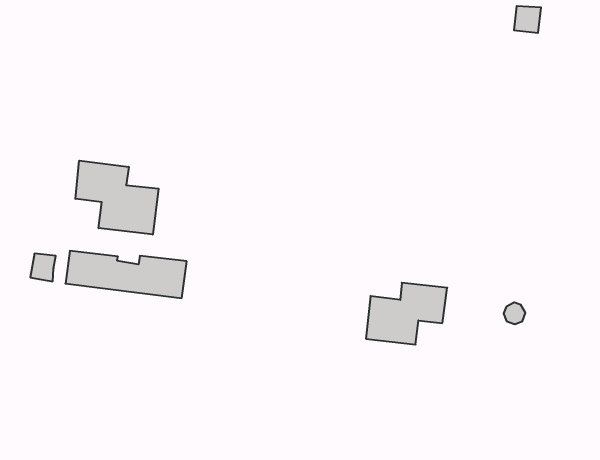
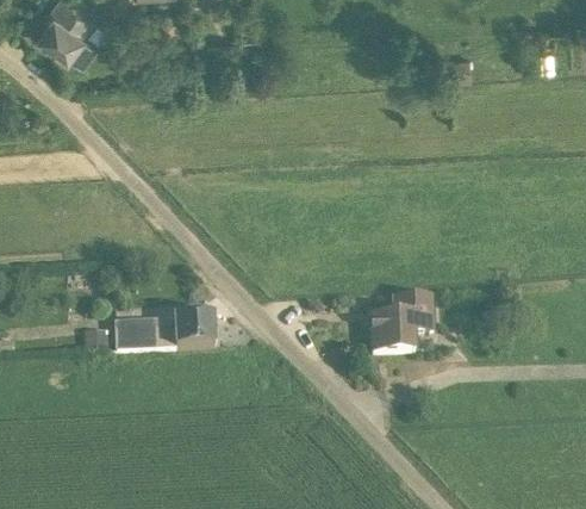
building: [75,161,159,235] -> none

